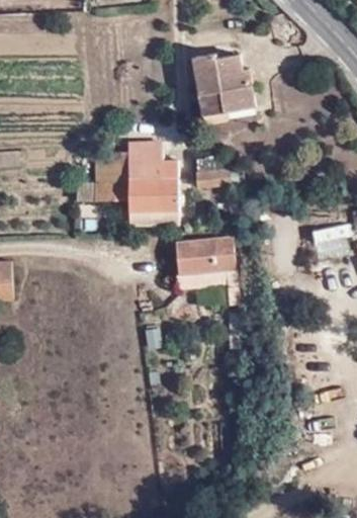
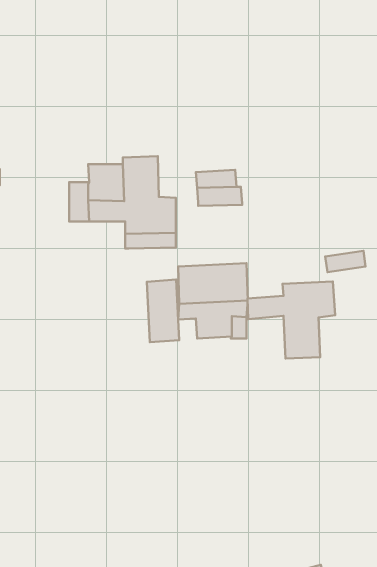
building: [193,52,254,115] -> none
building: none -> [147,280,179,342]
building: none -> [248,281,335,358]

